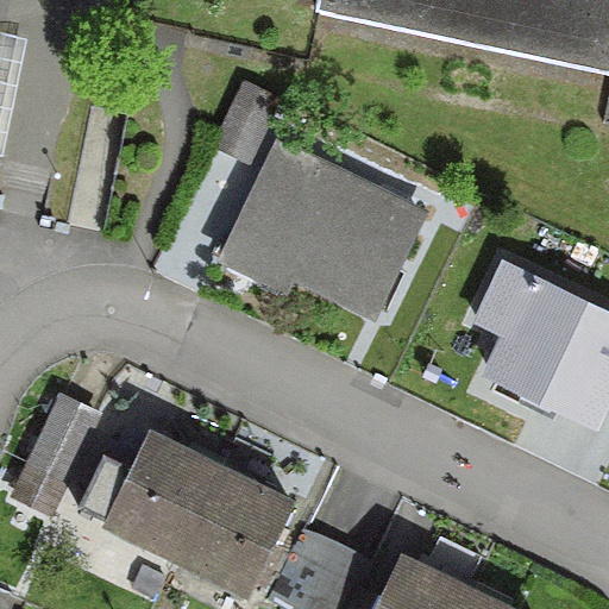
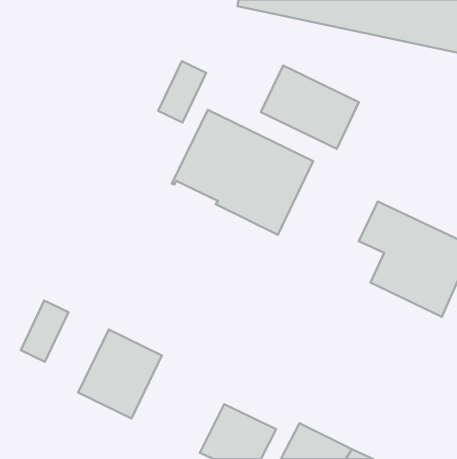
building: none -> [261,65,359,149]
building: [177,470,287,588] -> none

